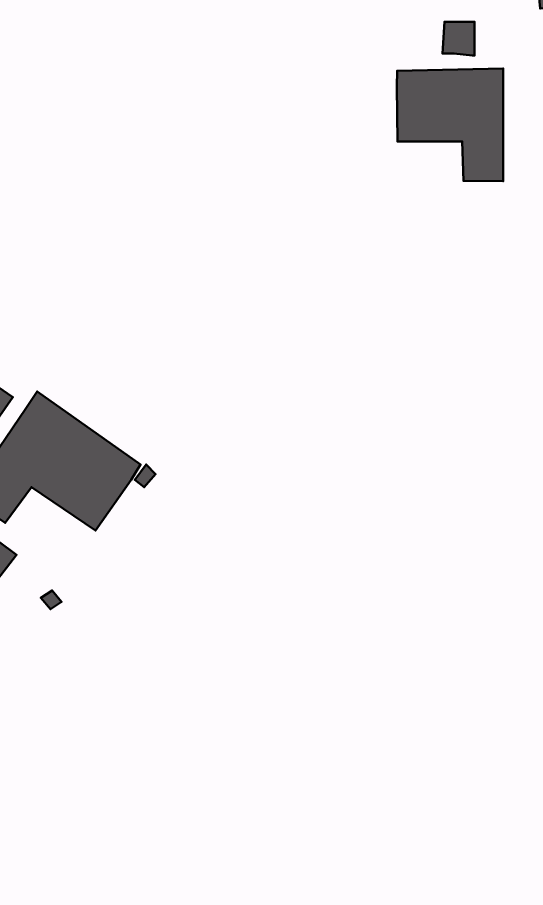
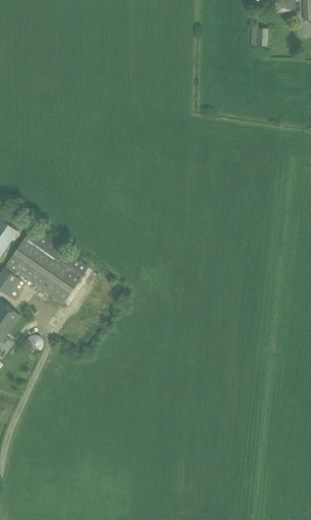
building: [397,68,503,181] -> none

